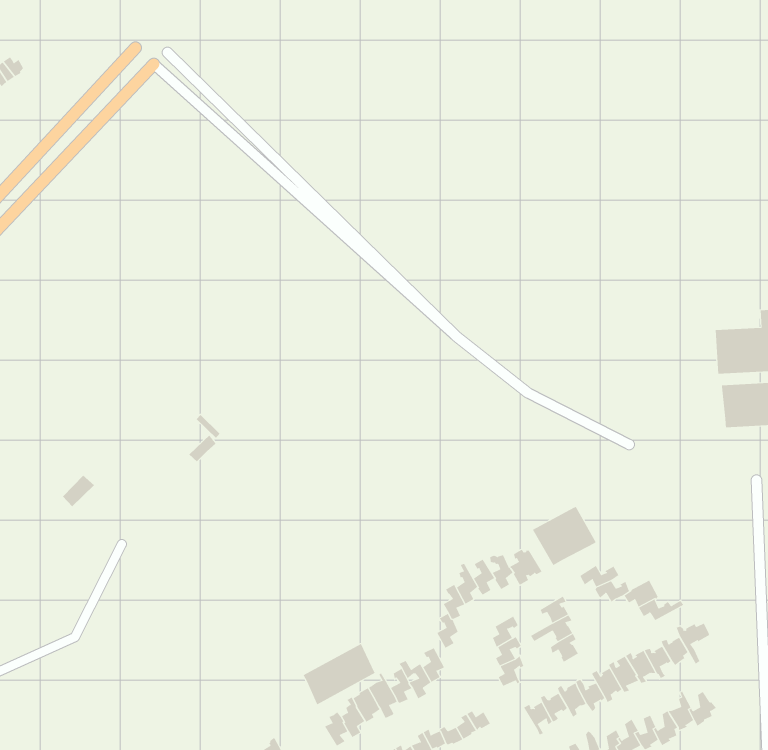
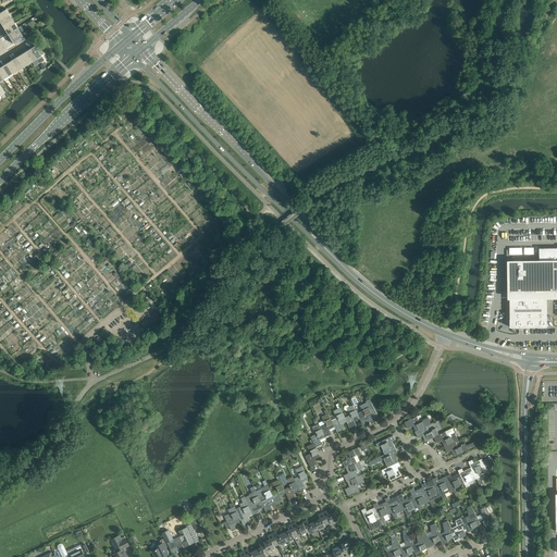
building: [532,506,597,566] -> none
building: [303,643,376,705] -> none

